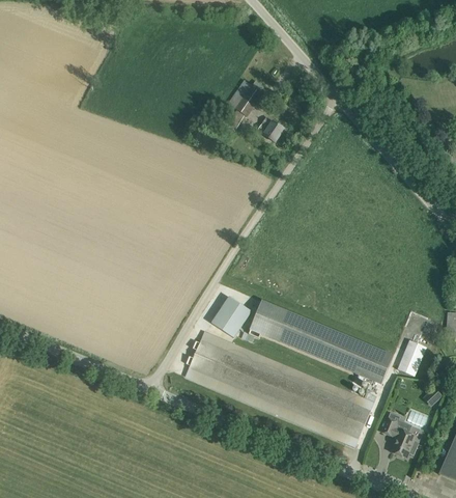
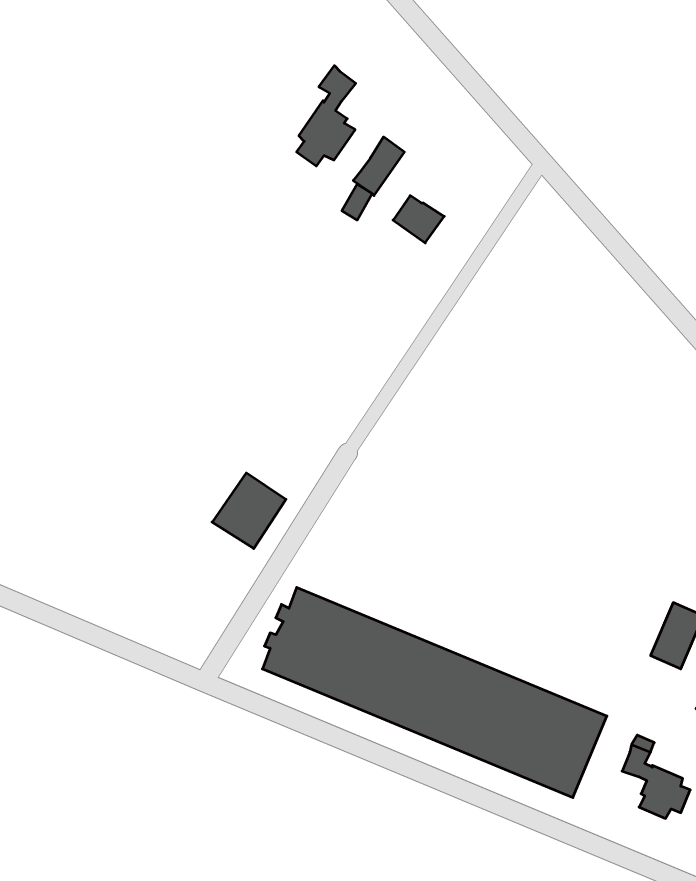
building: none -> [297,66,356,166]
building: [211,296,252,337] -> [212,473,286,549]
building: [250,299,395,384] -> none

